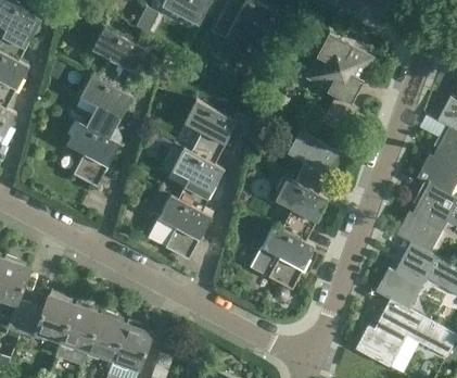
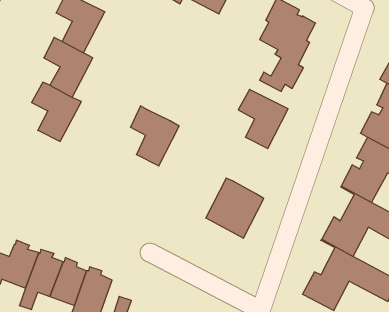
building: [183,101,236,164] -> none
building: [275,177,327,241] -> none
building: [144,196,211,260] -> none

